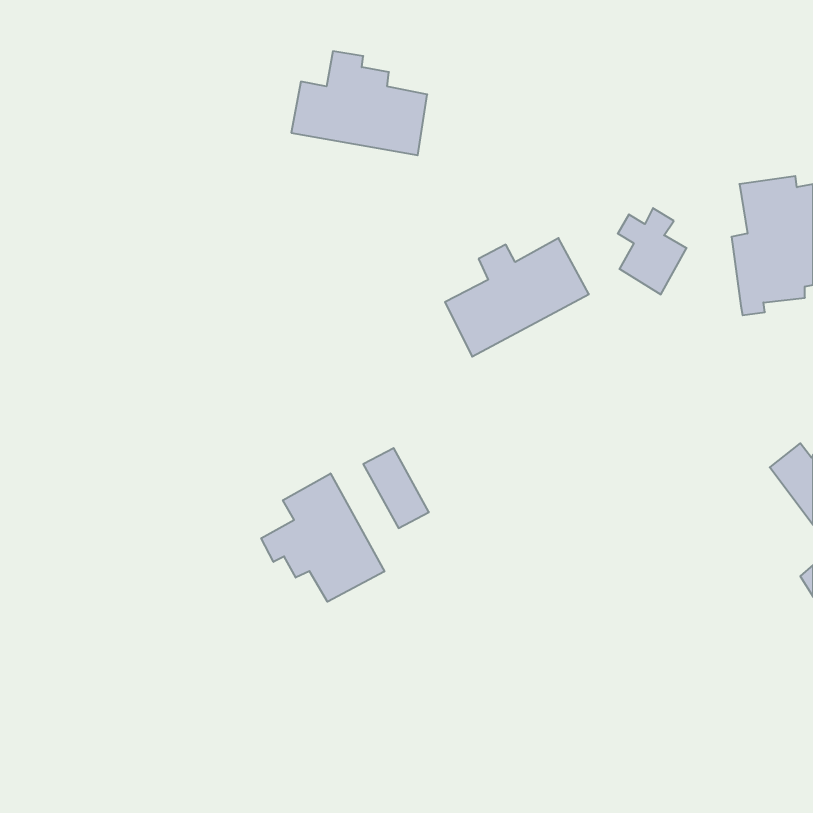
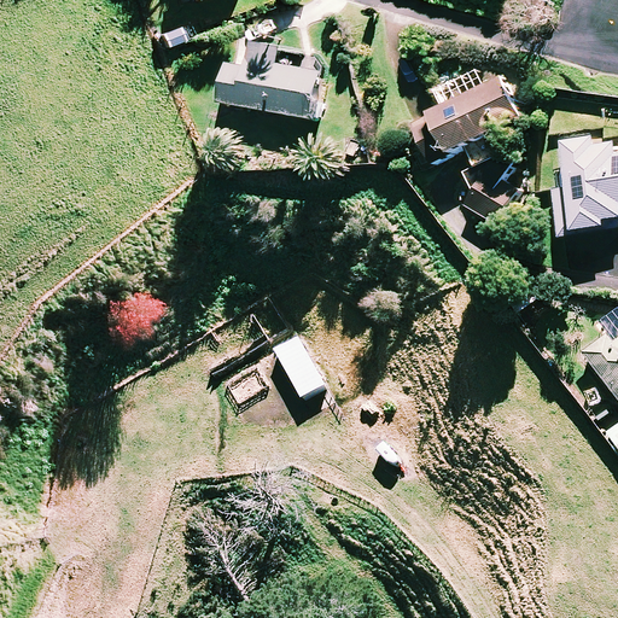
building: [445,238,589,357] -> [413,74,521,163]
building: [261,473,384,602] -> none

